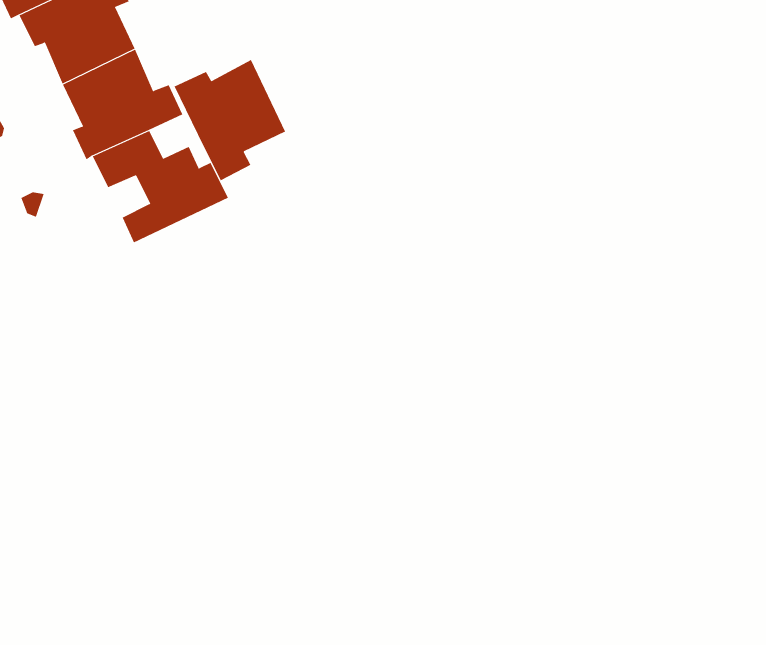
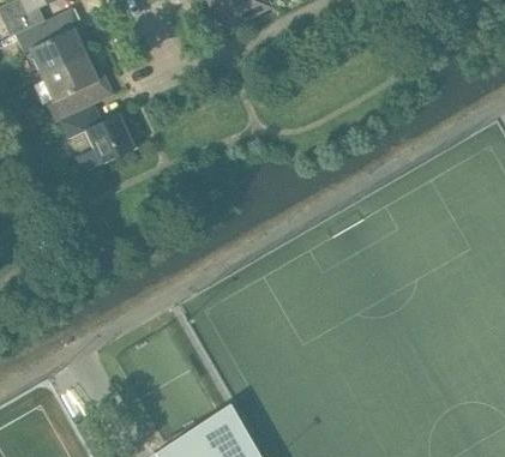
building: [174,59,286,181] -> none

